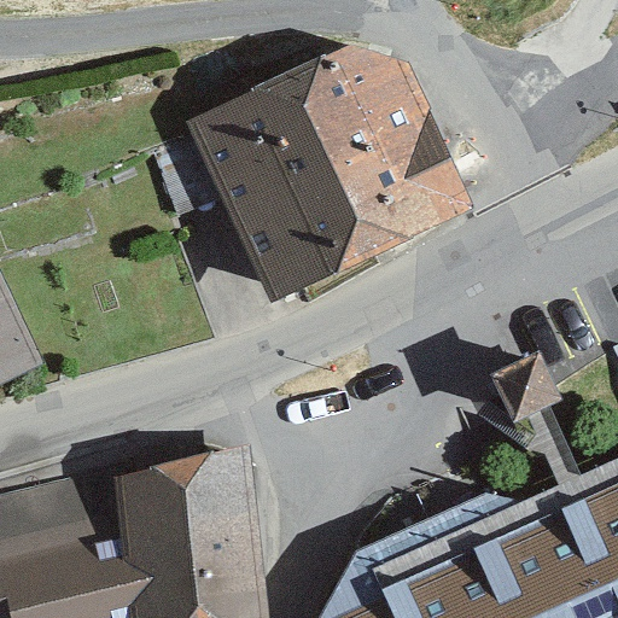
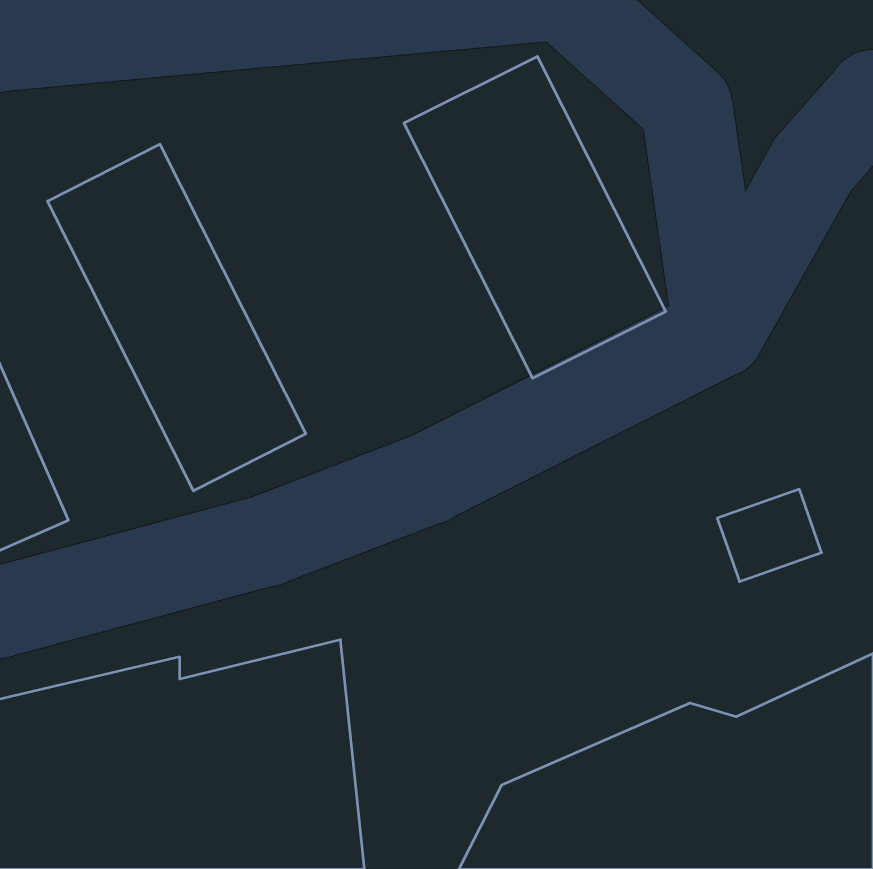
building: [188,87,375,315] -> none
building: none -> [48,144,306,491]

